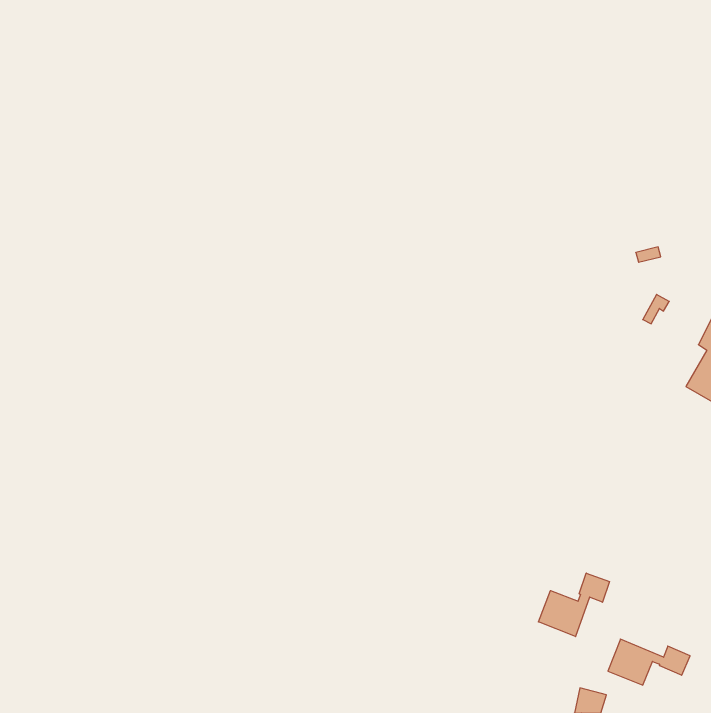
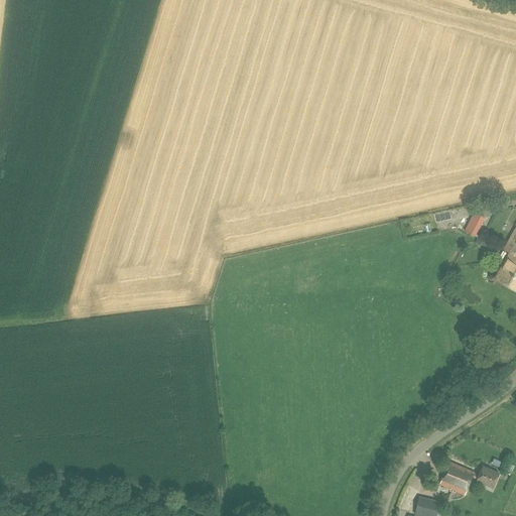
building: [538,573,609,637] -> none

